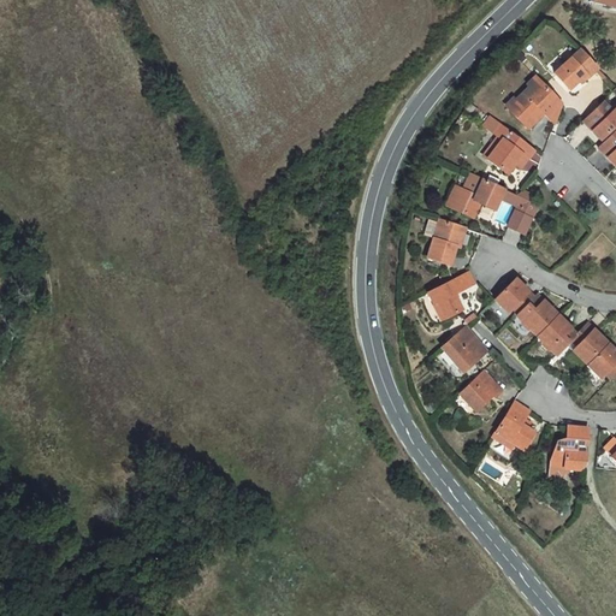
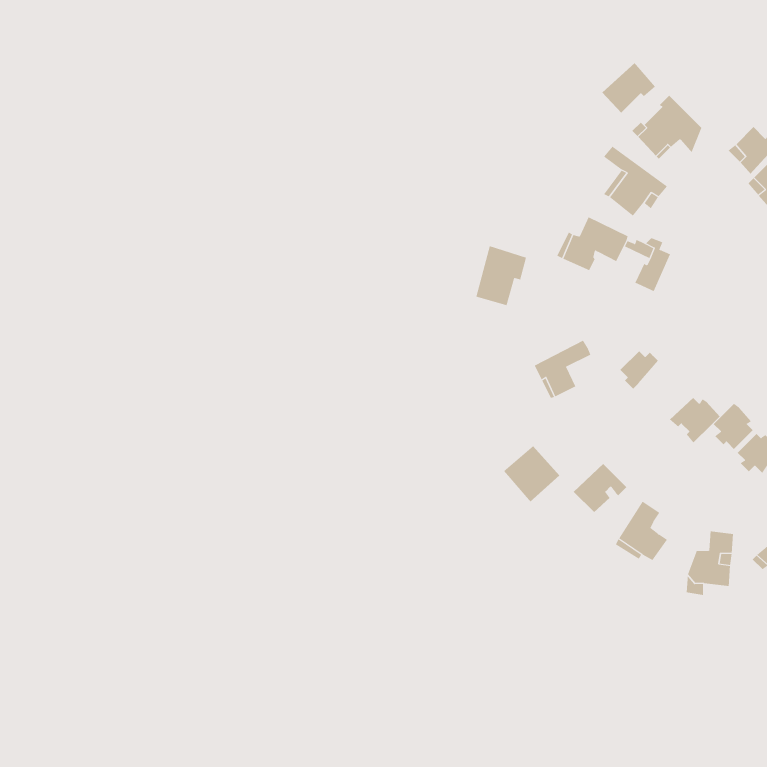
building: [555,48,598,89] -> [602,62,656,113]
building: [430,219,470,267] -> [476,246,527,306]
building: [513,289,553,333] -> none
building: [442,326,487,372] -> [503,445,560,503]

